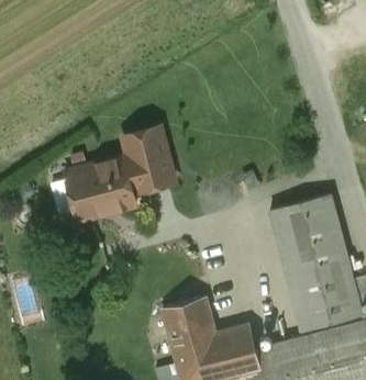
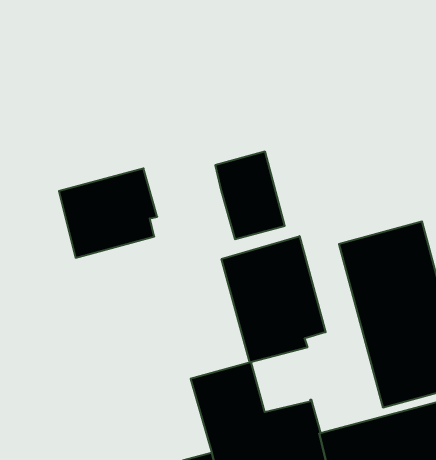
building: [123,127,174,191] -> [215,152,285,239]
building: none -> [222,236,326,362]

